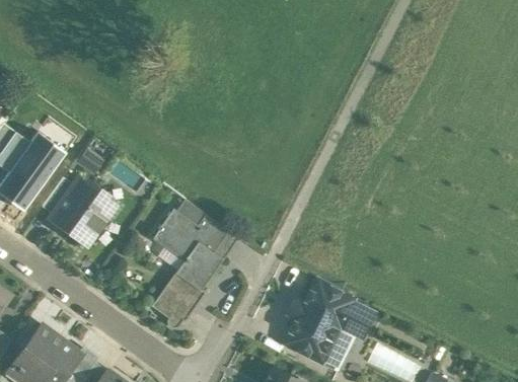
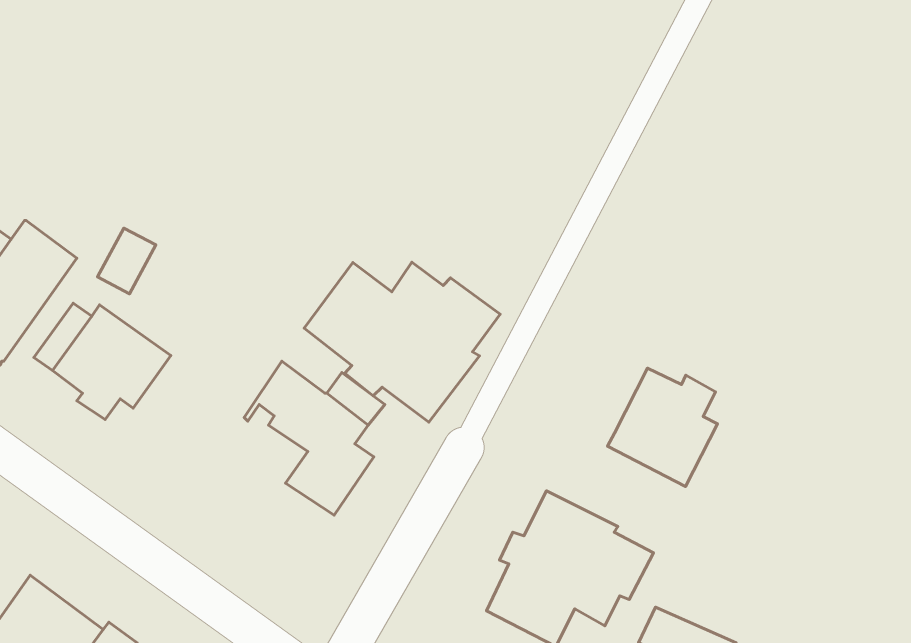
building: none -> [304,262,500,422]
building: none -> [607,368,718,486]
building: [153,275,206,329] -> none

